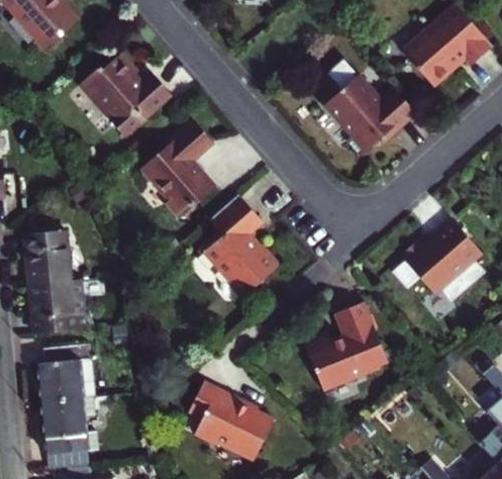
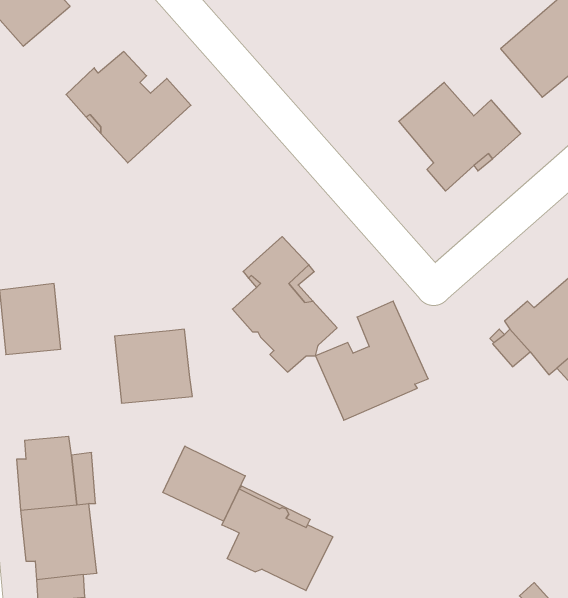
building: [140,122,215,220] -> none
building: [29,277,88,332] -> [115,329,192,403]
building: [309,302,394,392] -> [316,301,428,420]
building: none -> [163,446,245,521]

